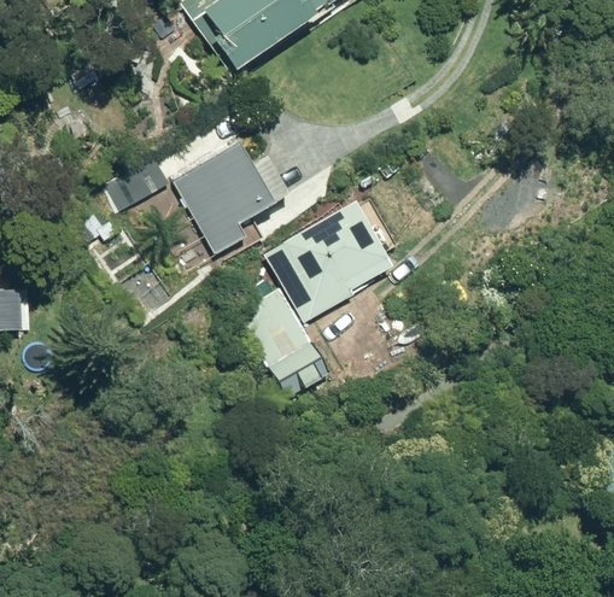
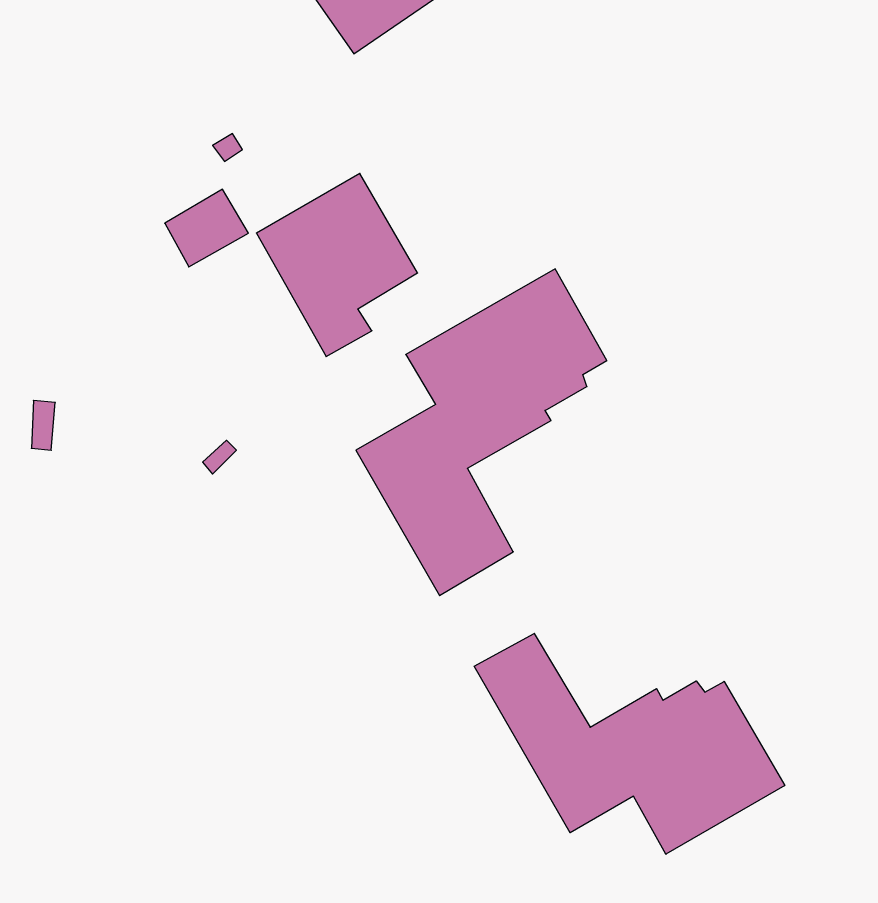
building: none -> [474,633,785,854]

